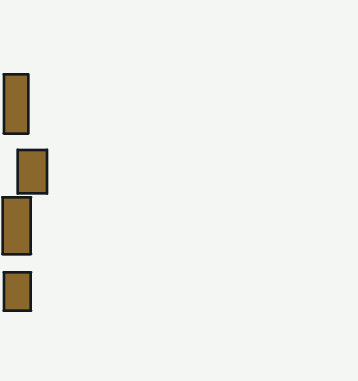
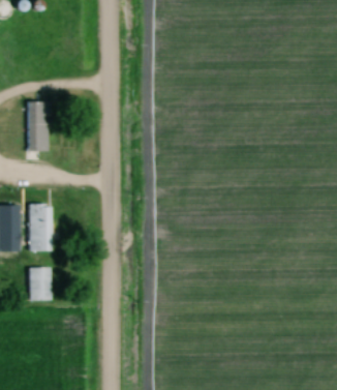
building: [18,150,47,194] -> none

